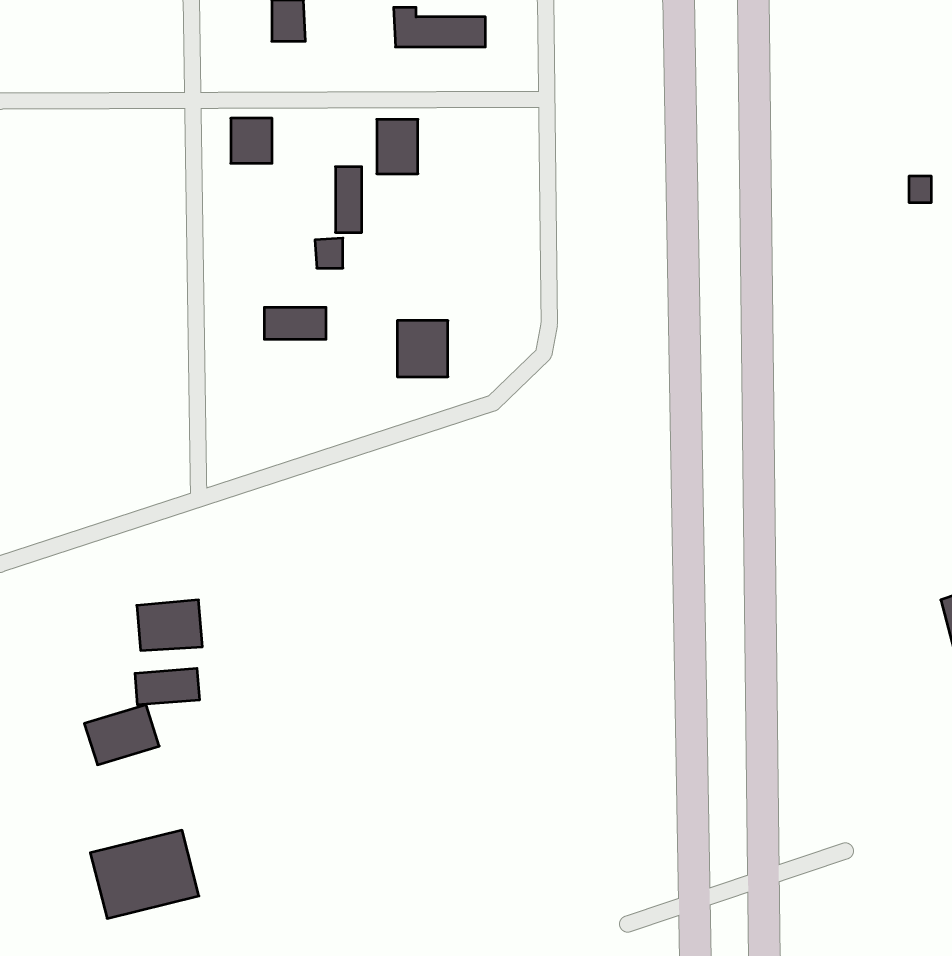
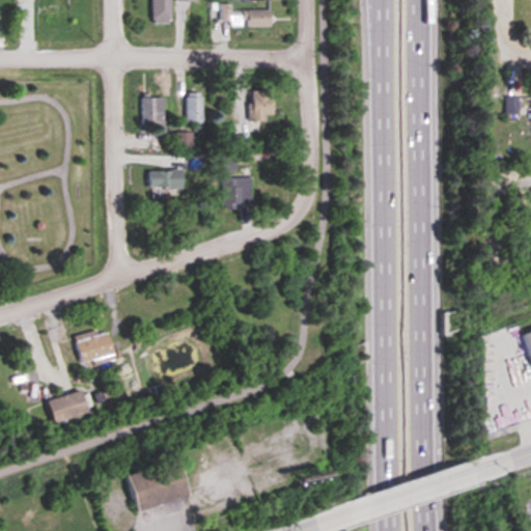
building: [231,118,272,163] -> [143,99,166,123]
building: [377,119,418,174] -> [251,91,274,121]
building: [135,668,199,705] -> none
building: [90,830,199,918] -> [128,463,188,511]

